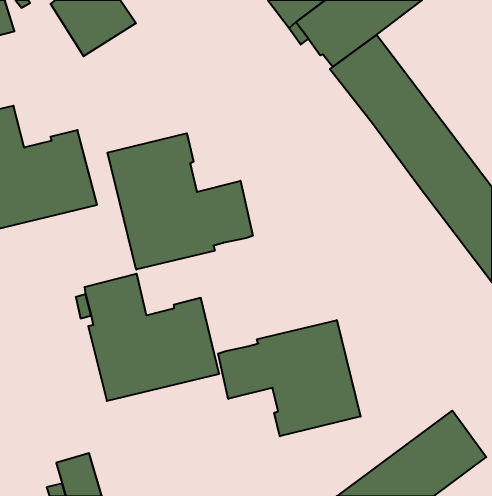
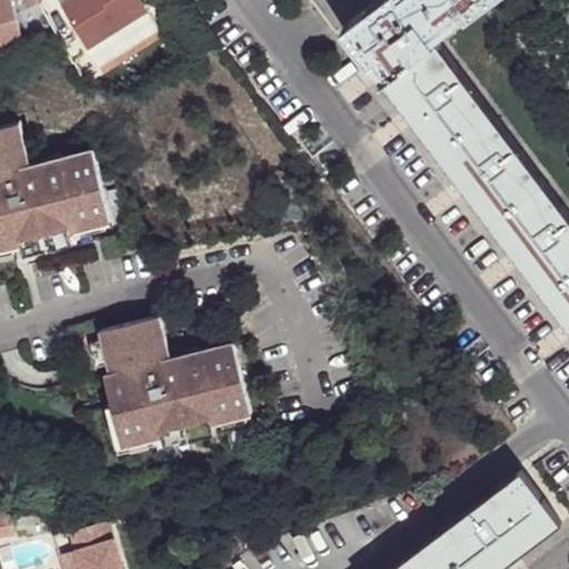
building: [107,133,253,270] -> none
building: [218,320,361,436] -> none

